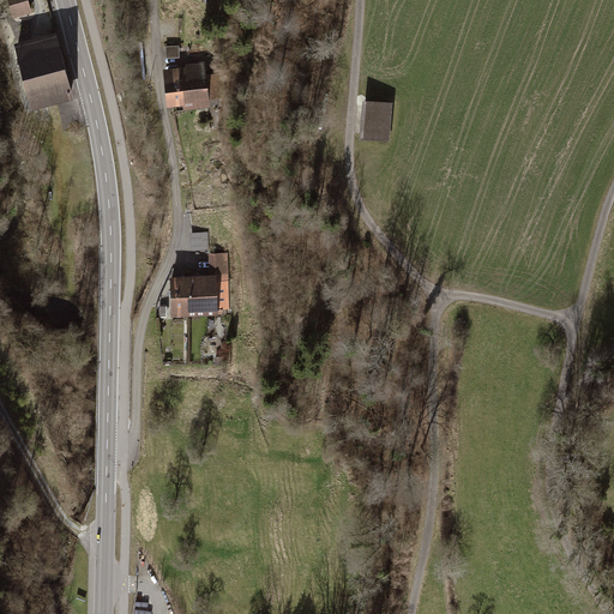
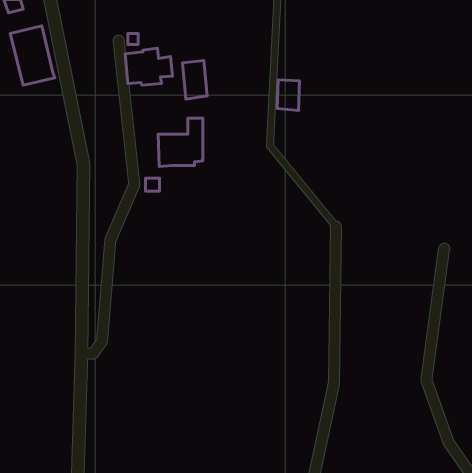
building: none -> [182,61,207,99]
building: [169,251,227,313] -> [158,118,203,167]

